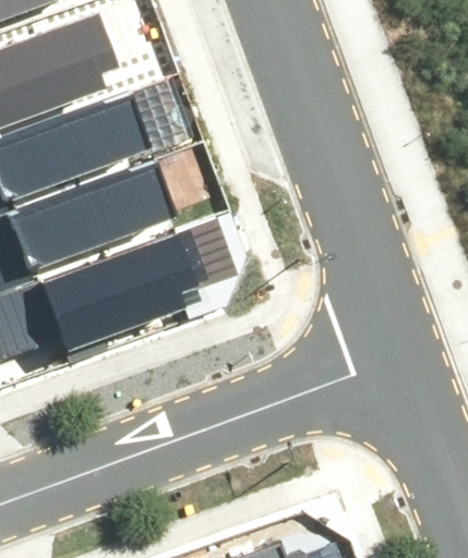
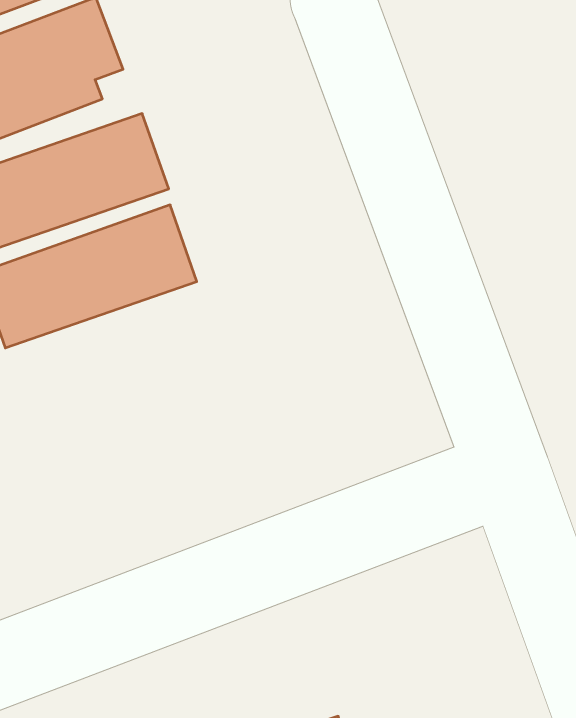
building: [44,238,205,343] -> none

